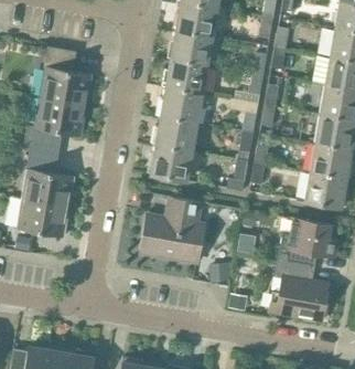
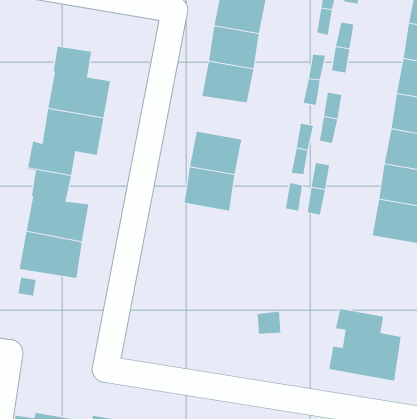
building: [161,88,203,124] -> none
building: [141,197,204,263] -> none
building: [278,219,336,268] -> none

